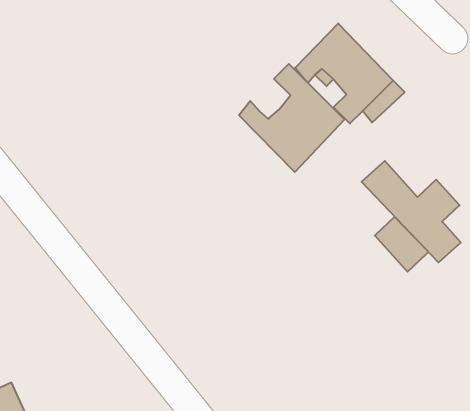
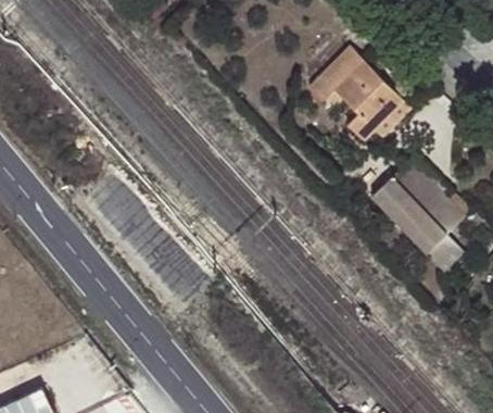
building: [239,64,344,172] -> none
building: [375,217,428,272] -> [392,159,442,210]

